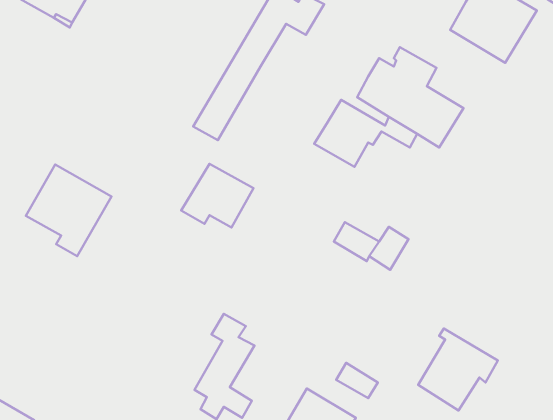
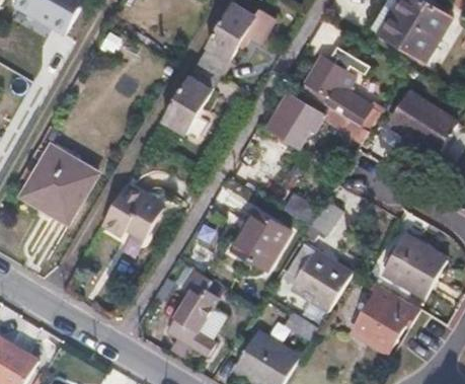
building: none -> [391,92,456,153]
building: [181,164,253,227] -> [104,180,164,233]
building: none -> [231,208,289,267]
building: none -> [383,235,447,298]
building: none -> [292,247,353,308]

